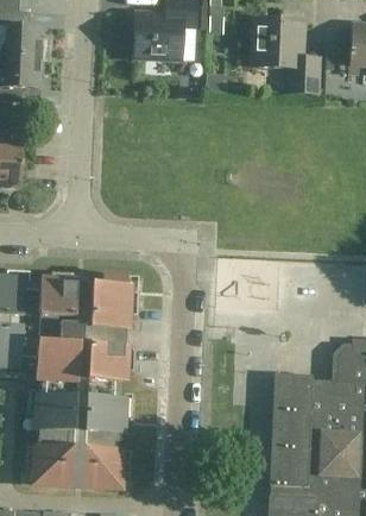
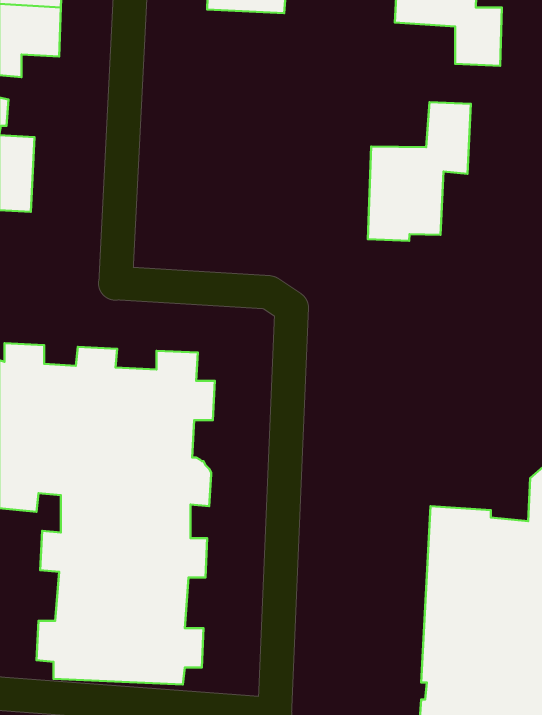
building: none -> [368,102,471,241]

